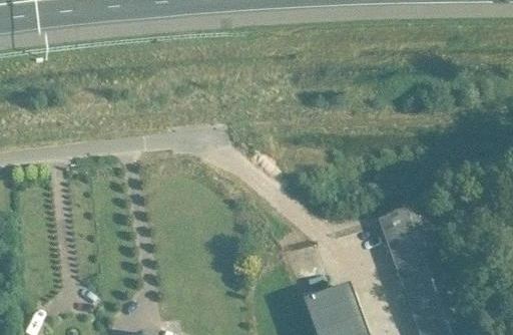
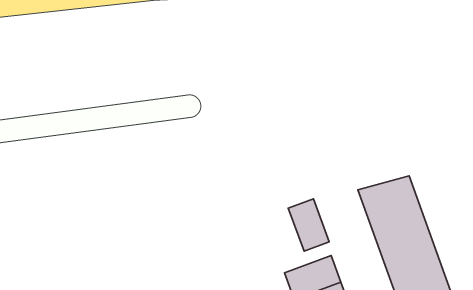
building: none -> [288,199,329,251]

